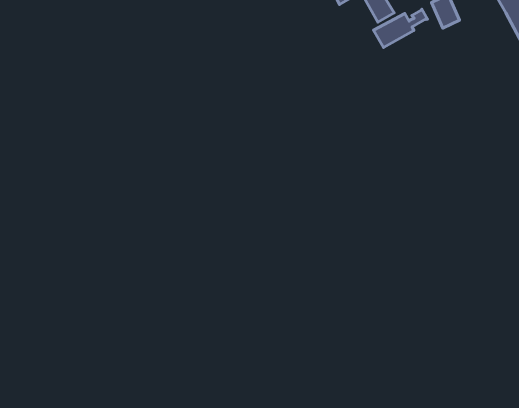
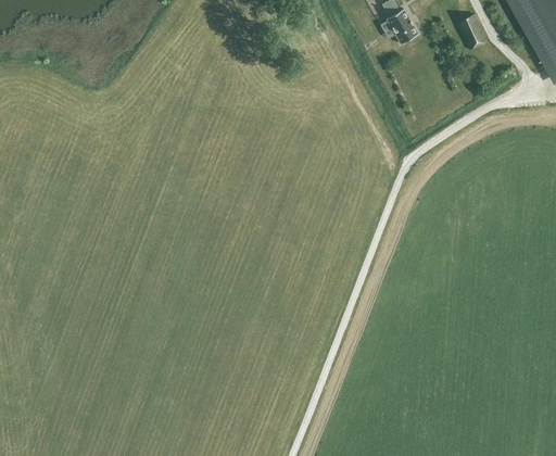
building: [373,9,427,48] -> none

